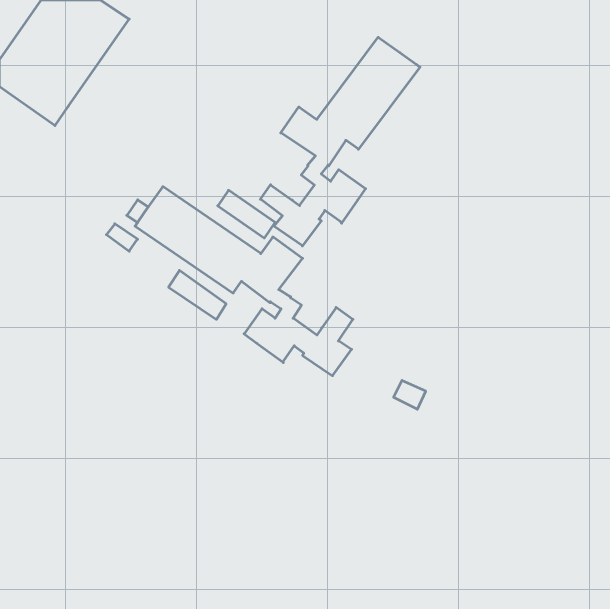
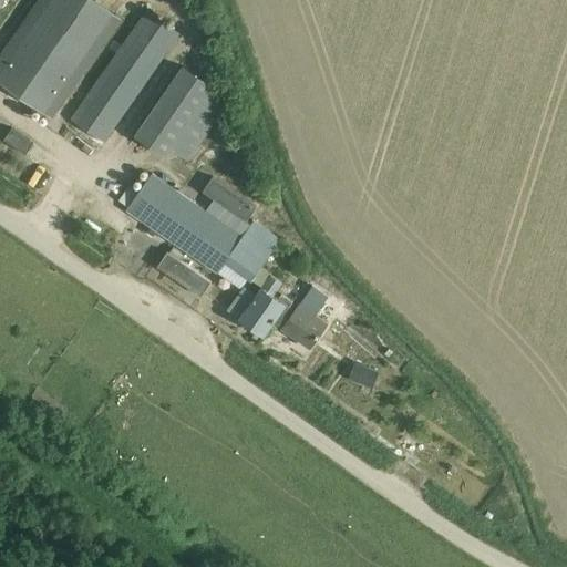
building: none -> [70,12,177,143]
building: [260,37,420,246] -> none
building: none -> [134,68,230,162]

